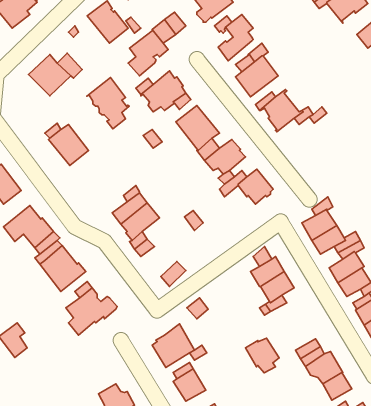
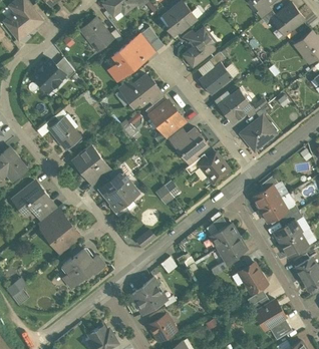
building: [87,78,129,129] -> [72,145,106,187]
building: none -> [241,118,276,150]
building: [245,338,279,373] -> [238,264,265,292]

